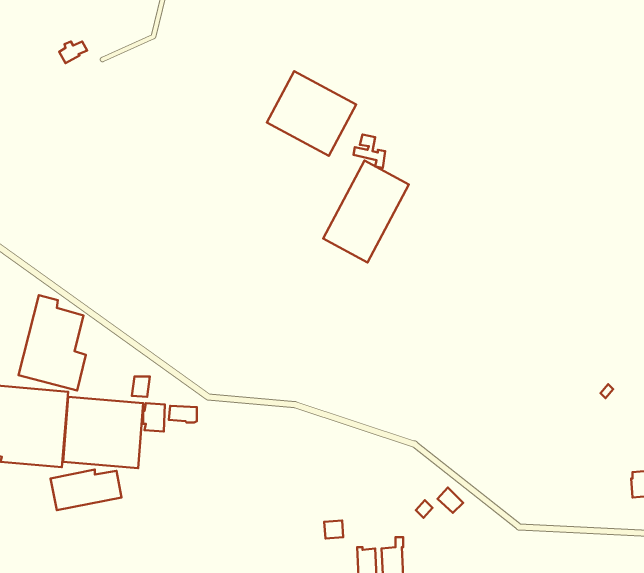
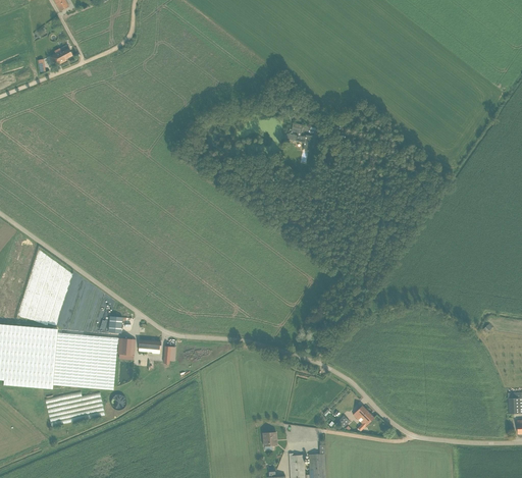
building: [267,71,356,156] -> none
building: [323,161,409,263] -> none

